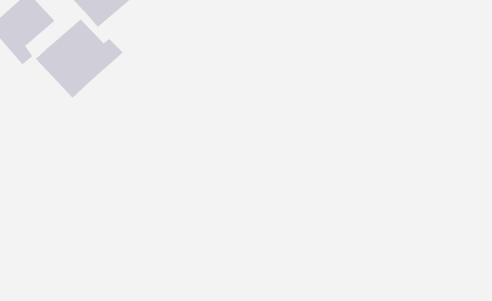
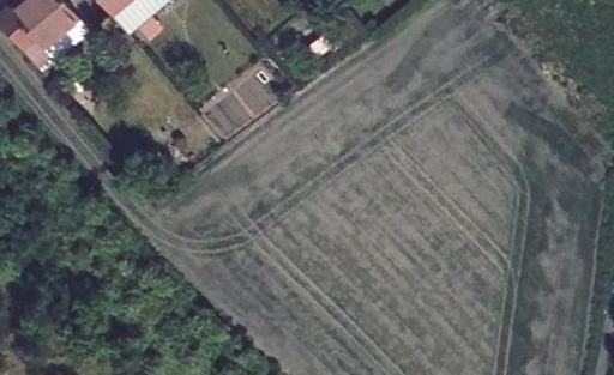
building: [35,18,123,98] -> none

